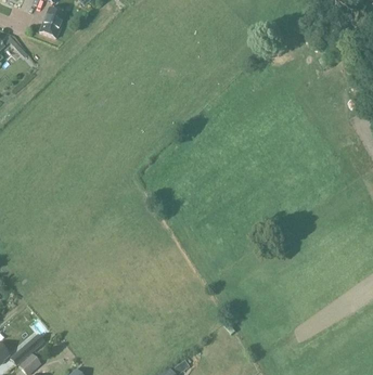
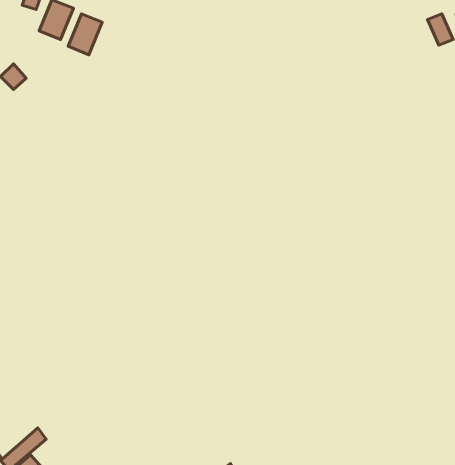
building: none -> [68,14,102,55]

